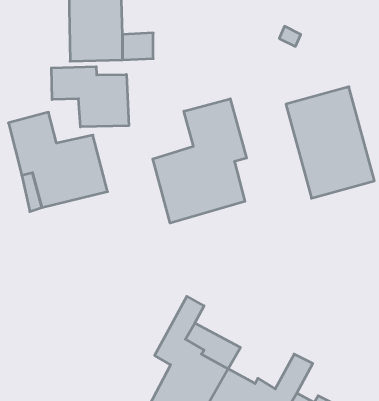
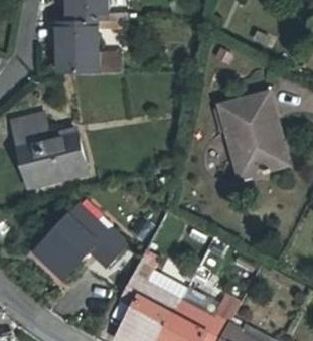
building: [51,67,129,127] -> none
building: [153,99,247,223] -> none
building: none -> [33,207,126,278]

